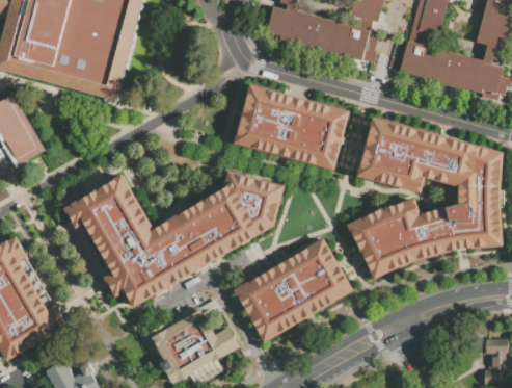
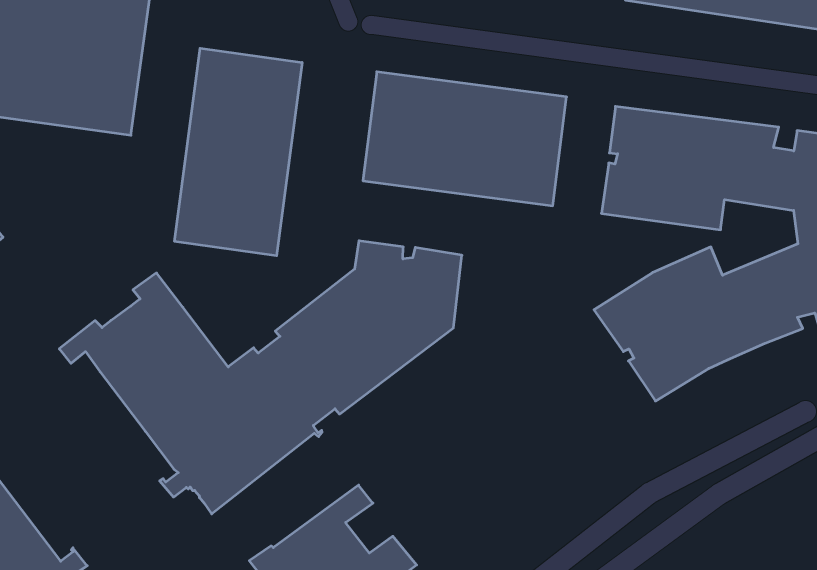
building: none -> [175,48,302,256]
building: [235,239,351,341] -> none

